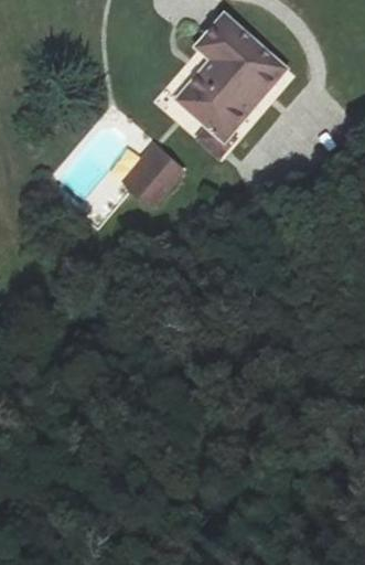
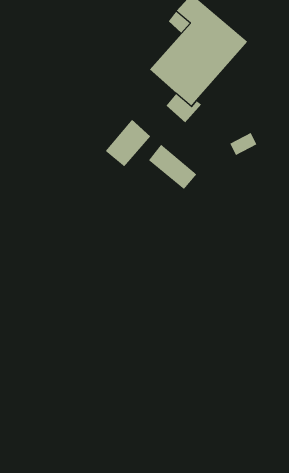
building: none -> [148,144,197,190]

